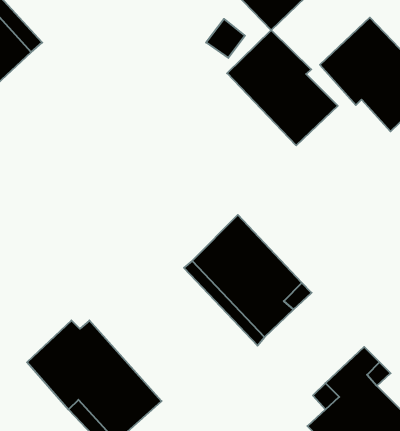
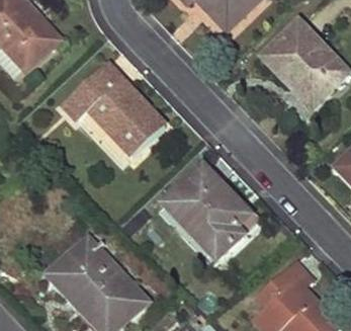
building: [227,30,338,145] -> none
building: none -> [64,64,165,156]

